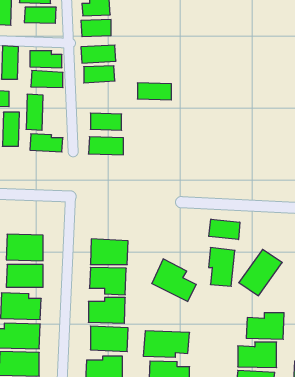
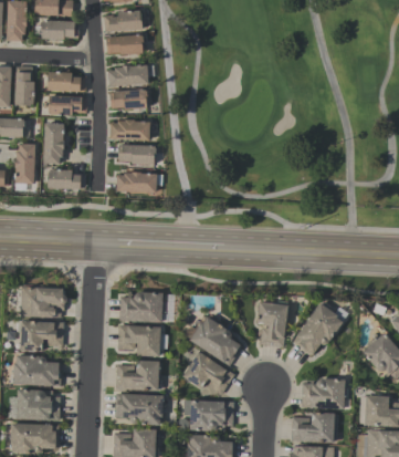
building: [137,83,171,100] -> [109,120,149,139]
building: [209,219,240,240] -> none
building: none -> [182,351,234,398]

